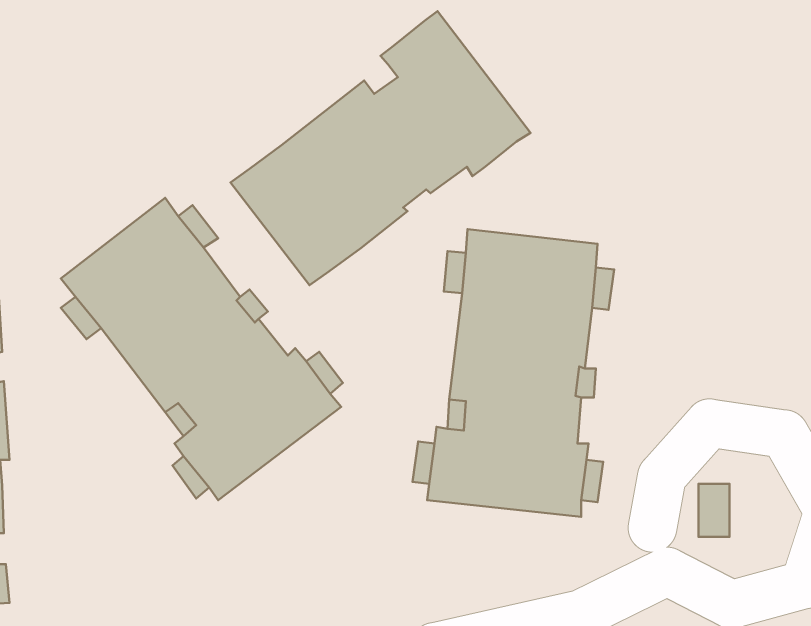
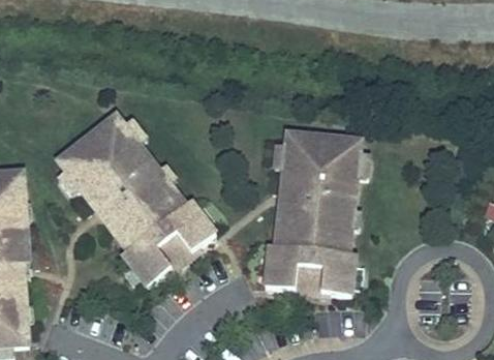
building: [231,11,530,285] -> none

